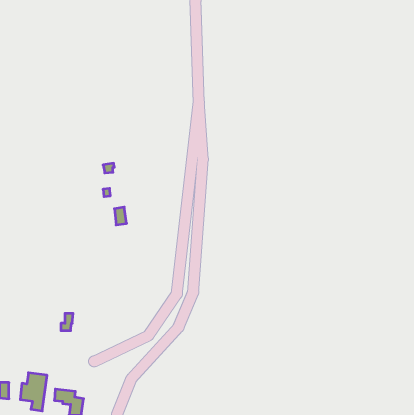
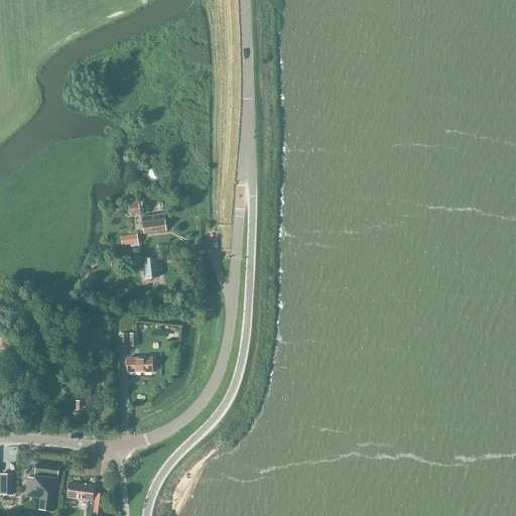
building: none -> [140,213,166,233]
building: none -> [127,358,152,372]

